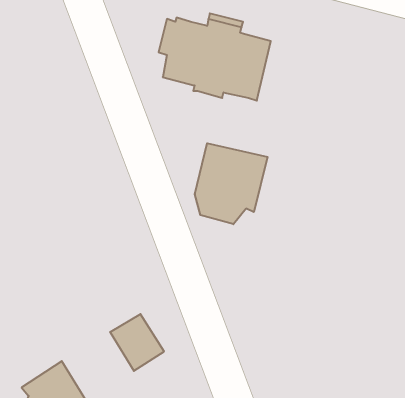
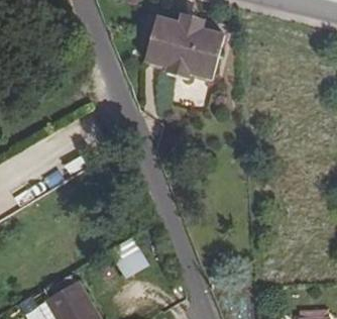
building: [195,143,268,224] -> none

